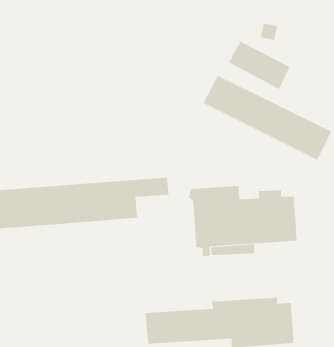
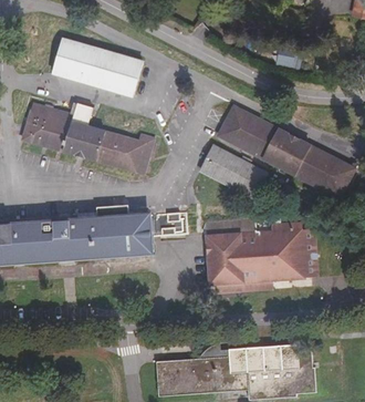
building: none -> [51,35,138,93]
building: [229,41,290,90] -> [200,144,265,196]
building: none -> [22,102,150,173]

